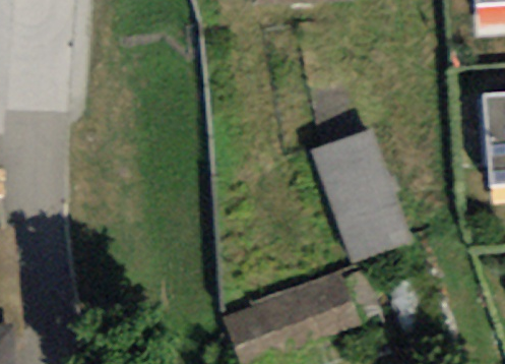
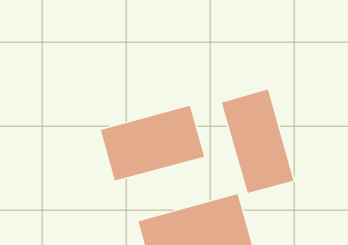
building: none -> [100,105,205,181]

